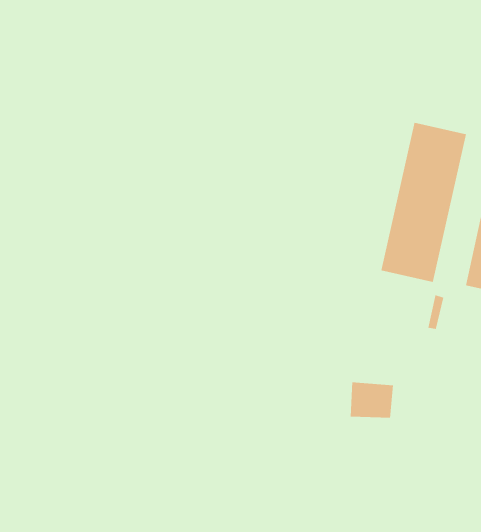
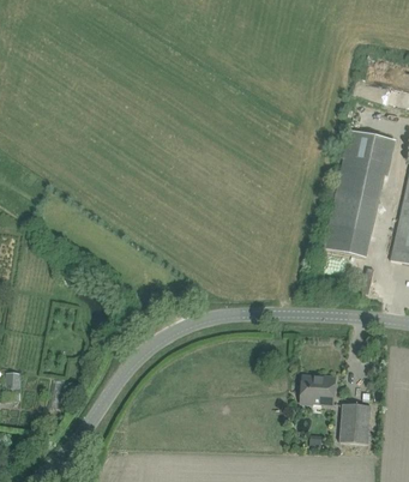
building: [350,382,394,418] -> [301,374,336,403]
building: none -> [339,403,372,444]

